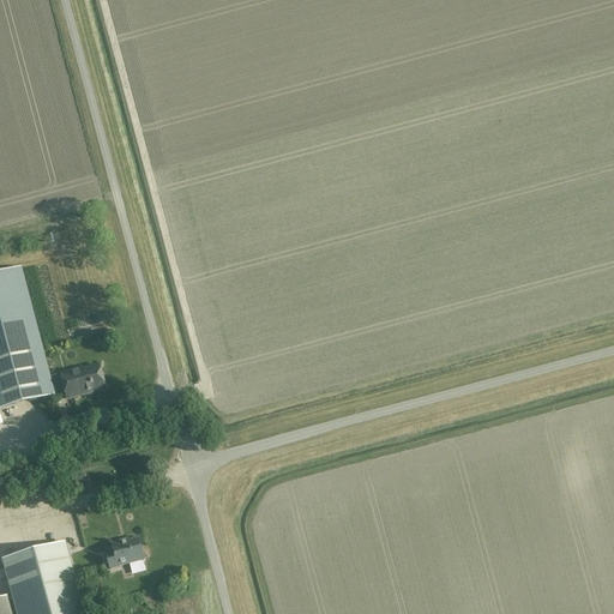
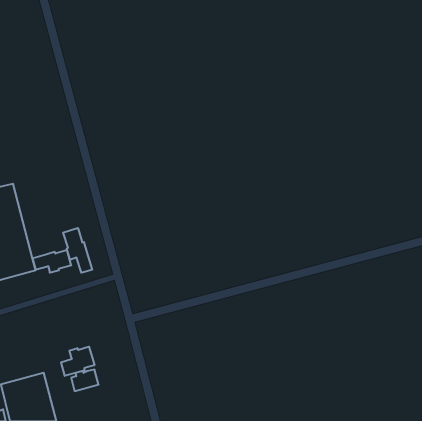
building: none -> [63,228,92,273]
building: none -> [61,347,94,376]

